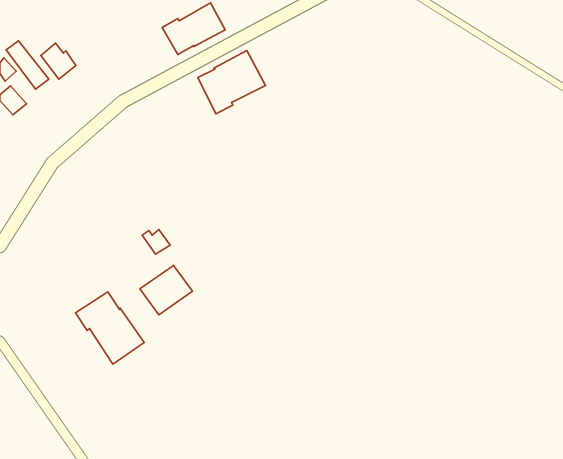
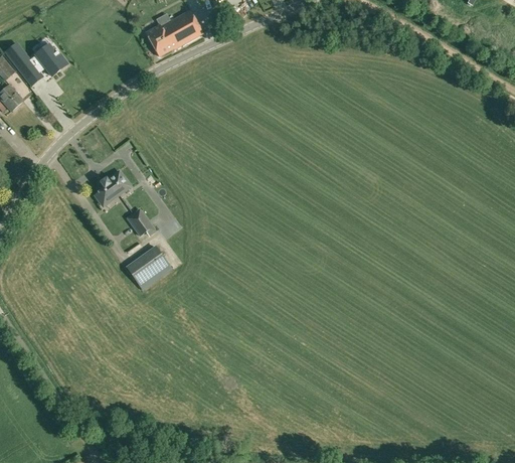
building: [198,50,266,114] -> none
building: none -> [95,170,131,205]
building: [75,292,144,364] -> none

